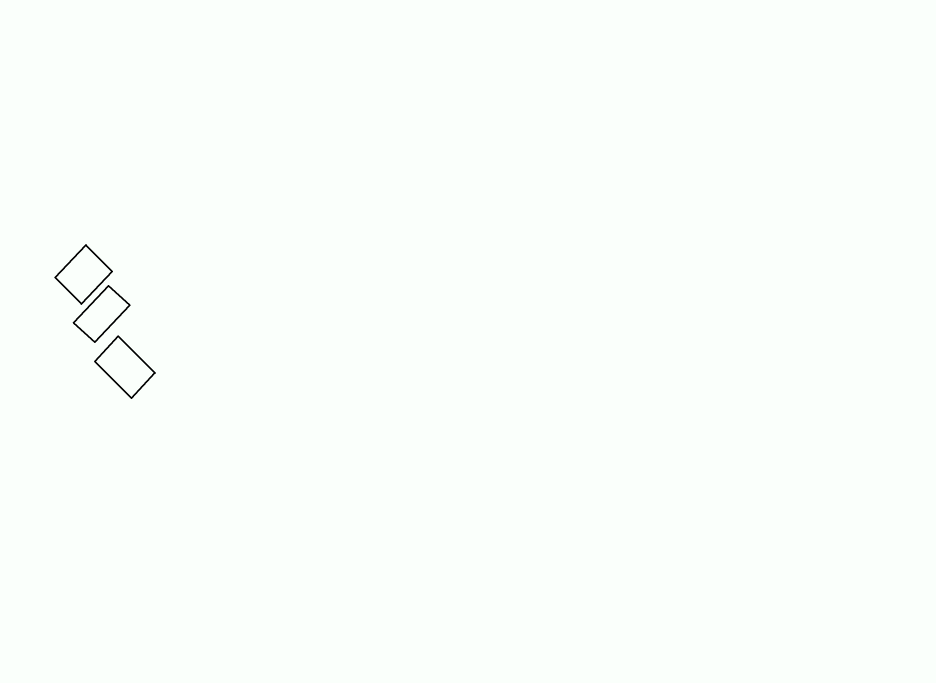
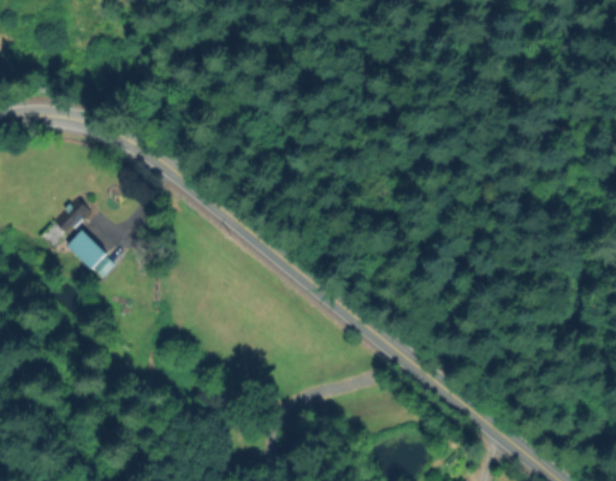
building: [55,245,112,304] -> none

